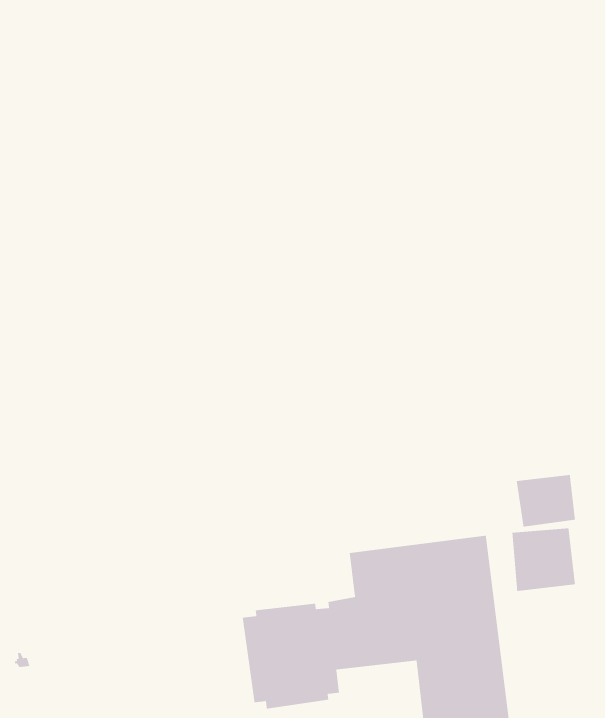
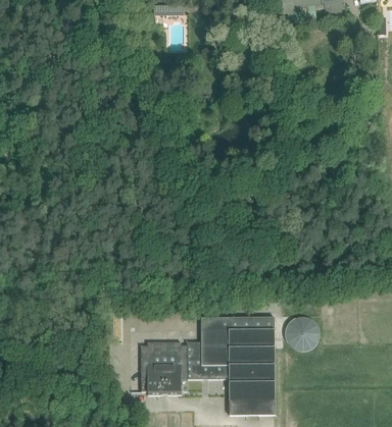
building: [516,474,576,528] -> none

